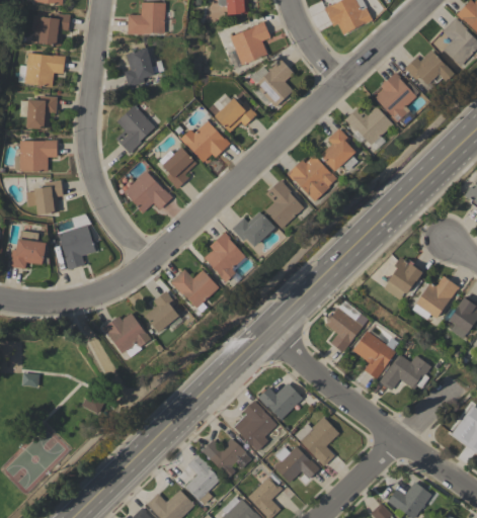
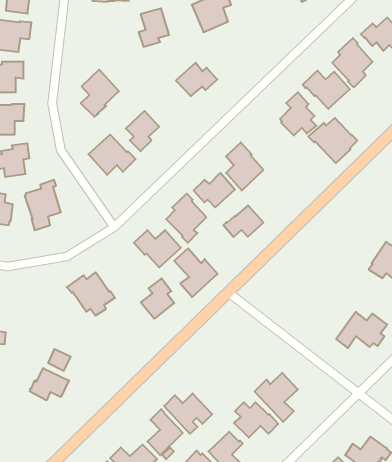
building: [124,48,155,87] -> [139,8,169,47]
building: [254,58,294,106] -> none
building: [180,120,230,162] -> none
building: [287,155,337,201] -> [308,118,357,163]
building: none -> [223,205,263,237]
building: [384,256,422,297] -> none
building: none -> [174,248,218,297]
building: [145,290,179,332] -> [141,278,174,319]
building: [325,300,368,352] -> none
building: [352,331,398,378] -> none
building: [258,382,303,420] -> none
building: [234,400,276,451] -> none
building: none -> [30,368,69,400]

